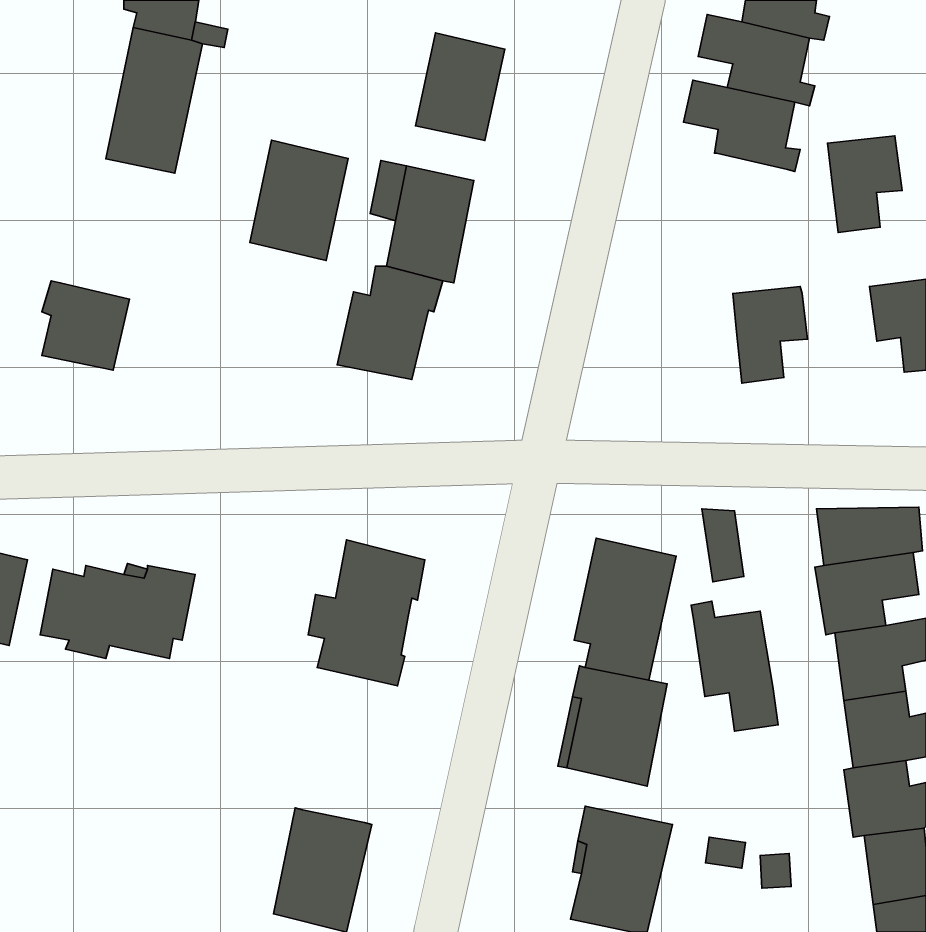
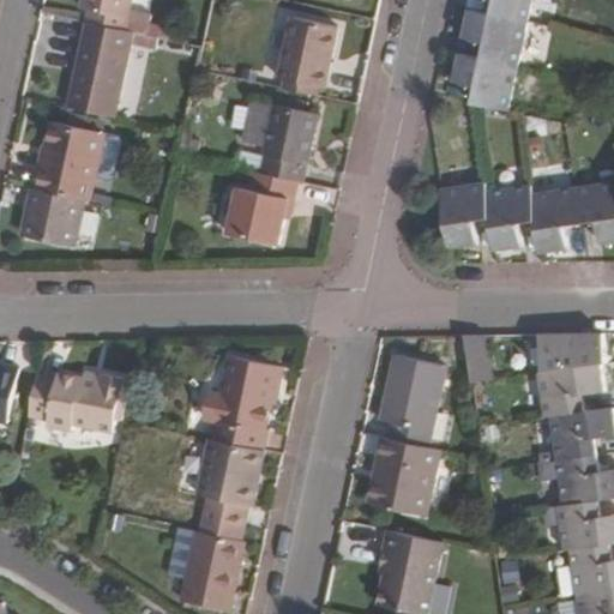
building: [827,136,902,233] -> [528,188,577,252]
building: [250,140,348,261] -> [40,119,104,198]
building: none -> [435,183,484,247]
building: [691,601,778,731] -> none
building: none -> [197,439,263,541]

